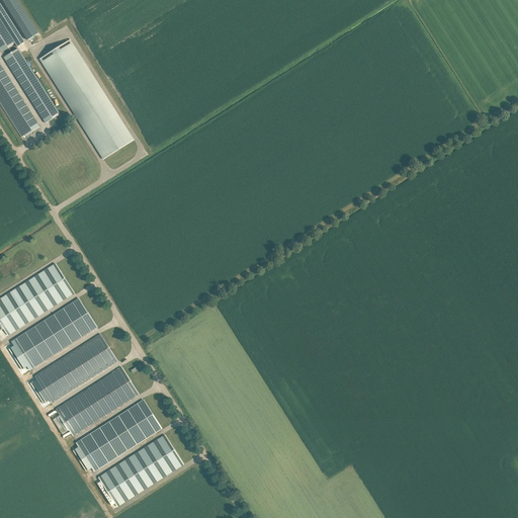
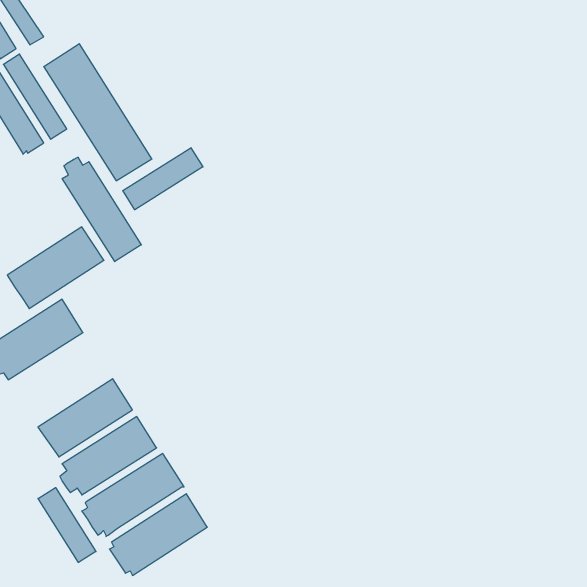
building: none -> [123,148,203,210]
building: none -> [62,157,141,262]
building: [11,297,96,369] -> [7,227,104,309]
building: none -> [38,488,96,562]

